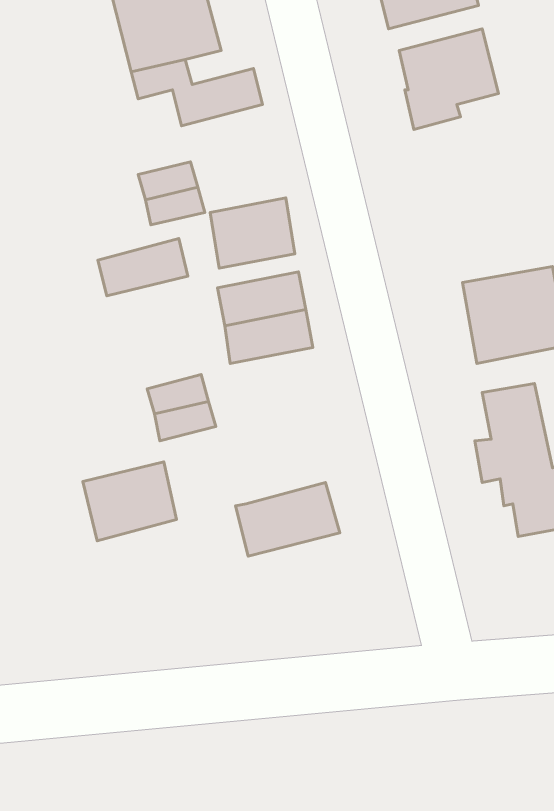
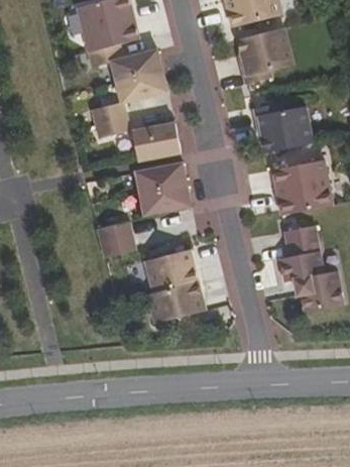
building: none -> [253,103,311,151]
building: [98,238,188,296] -> [115,69,165,101]
building: [83,462,176,541] -> [143,248,196,293]

